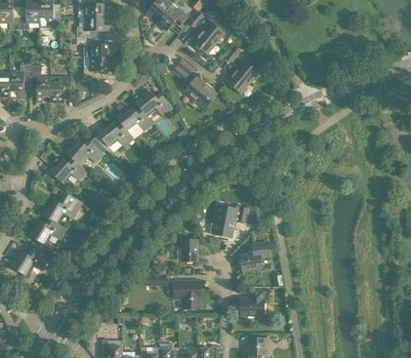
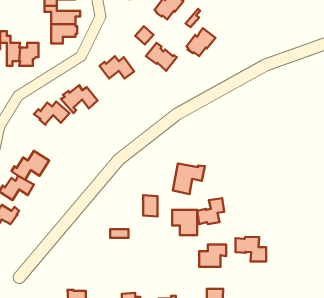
building: [116,107,152,138] -> none
building: [48,159,85,182] -> none
building: [172,281,199,308] -> [172,210,197,235]
building: none -> [235,237,266,262]

